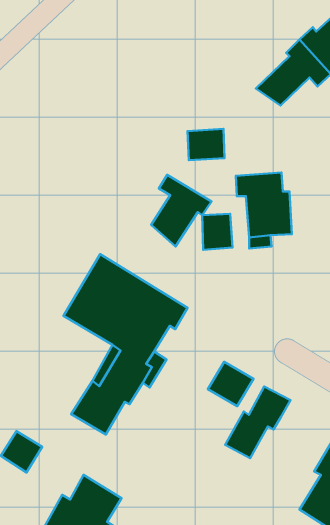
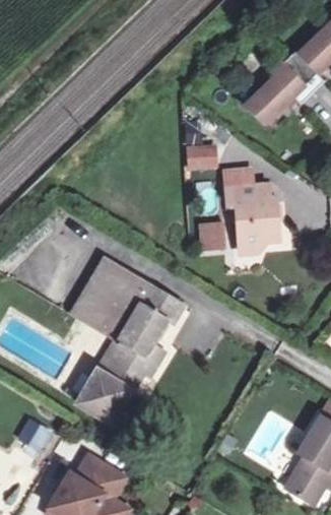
building: [151,175,212,246] -> none
building: [208,362,254,406] -> none
building: [225,387,291,458] -> none

